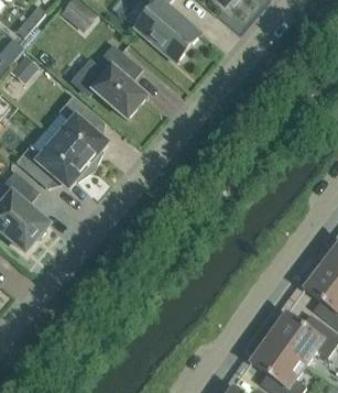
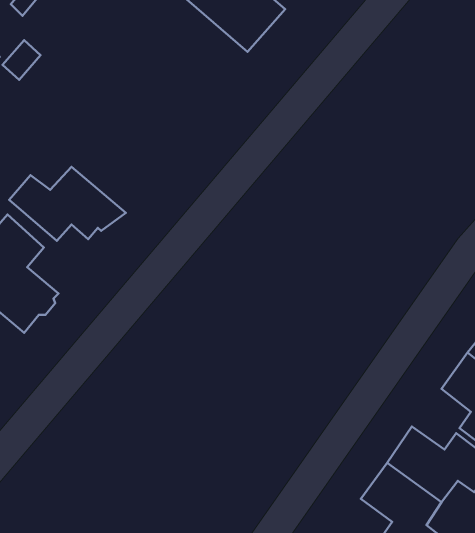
building: [69,44,146,118] -> none
building: [57,95,107,170] -> none

